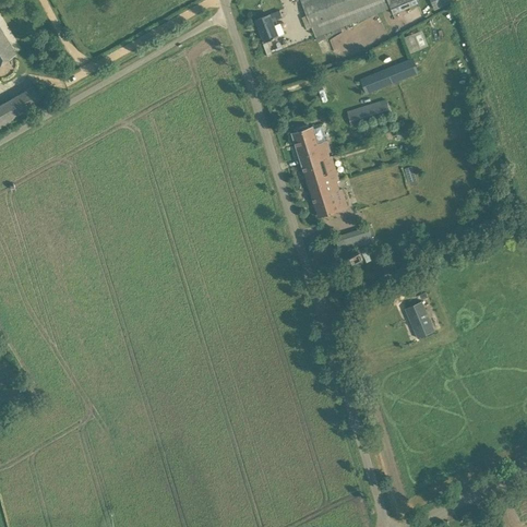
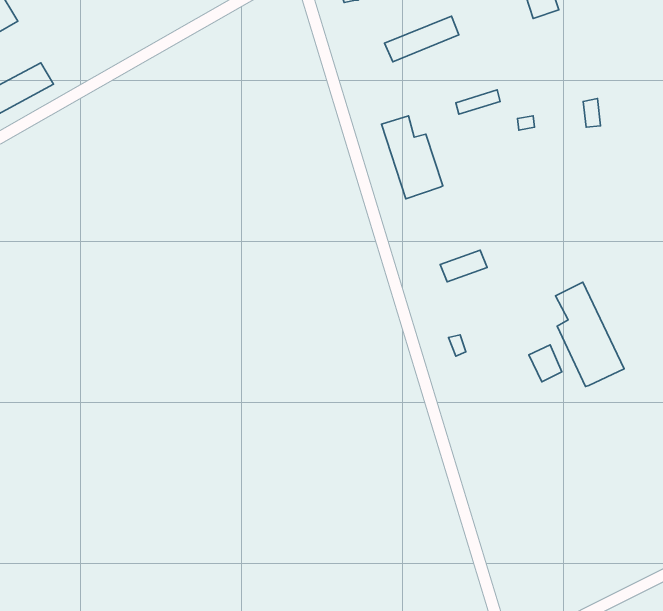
building: [360,59,417,94] -> [384,16,459,62]
building: [310,182,347,217] -> none
building: none -> [555,282,624,386]

